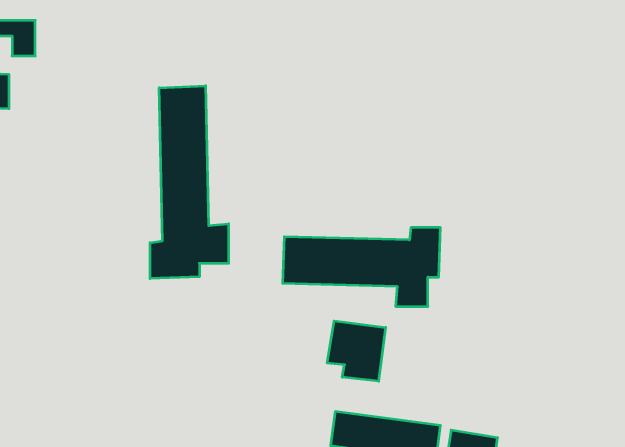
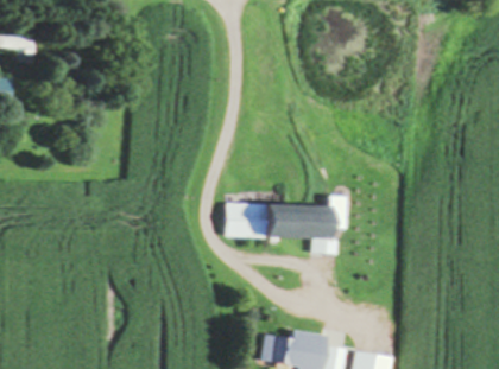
building: [150,86,229,279] -> none
building: [327,321,386,381] -> none

